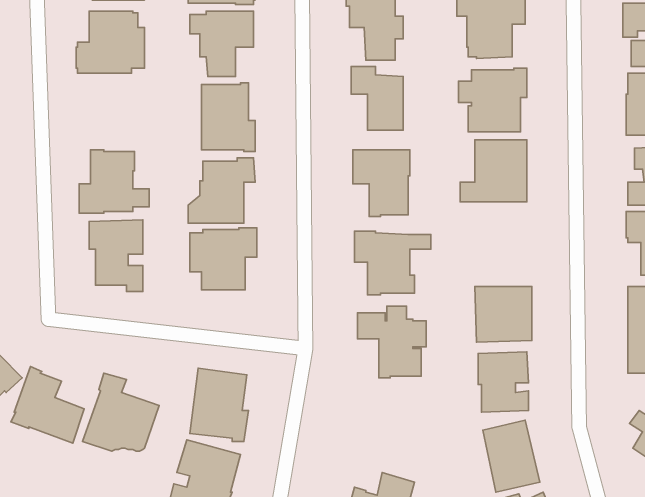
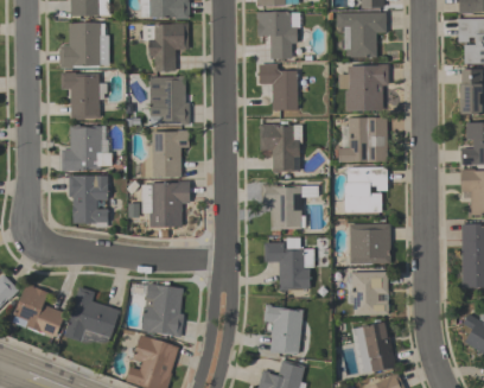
building: none -> [60,71,107,119]
building: none -> [345,166,389,211]
building: none -> [265,304,304,354]

